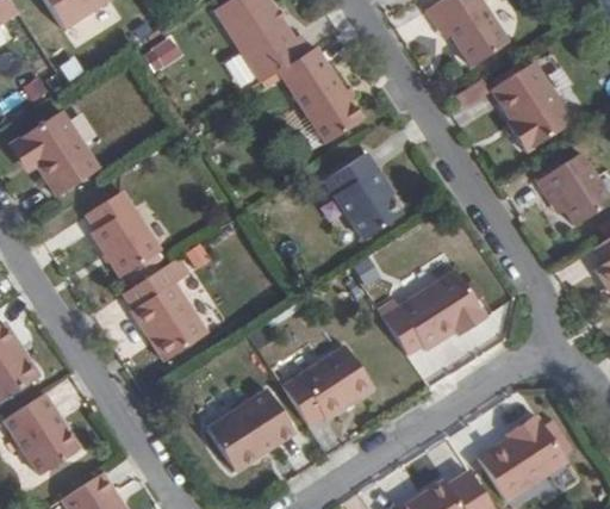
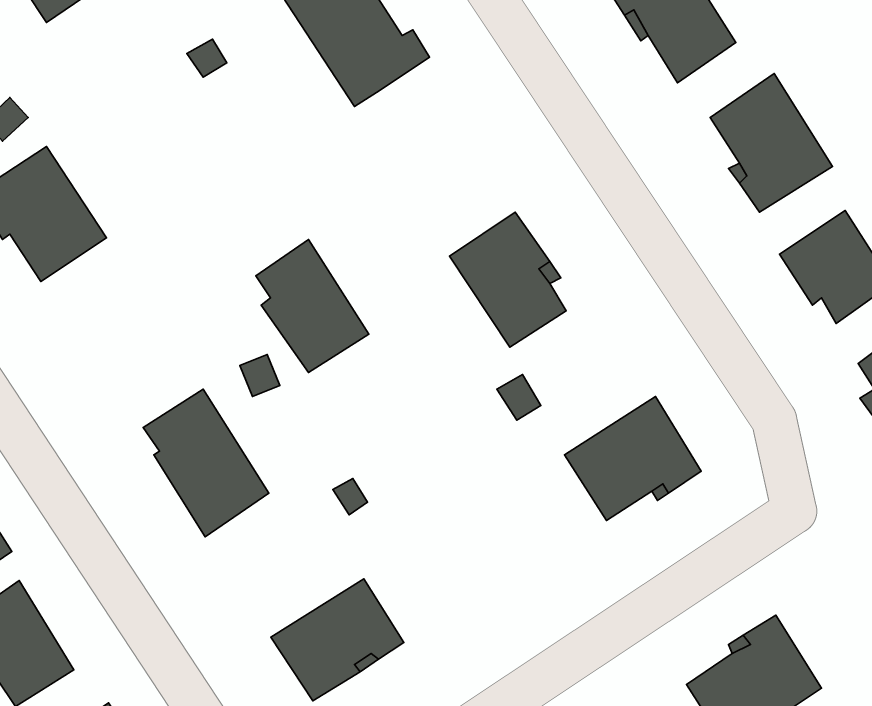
building: [278,45,361,141] -> none
building: [86,188,160,275] -> [256,239,369,373]
building: [282,346,373,428] -> none

